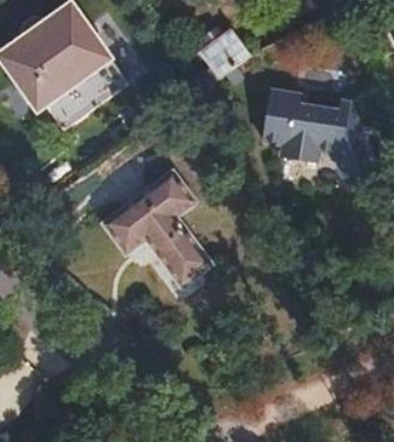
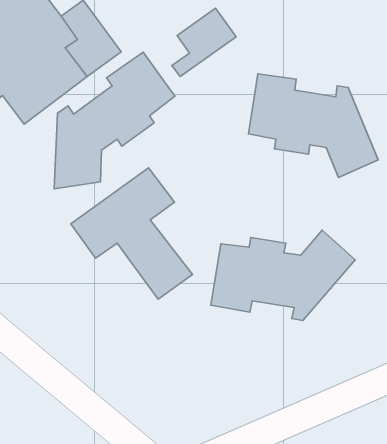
building: none -> [54,52,175,189]
building: none -> [211,230,355,321]

